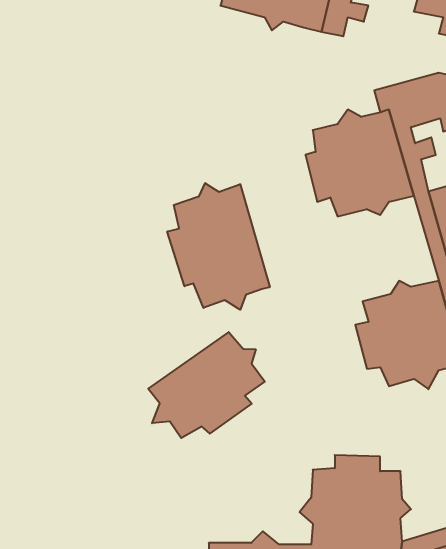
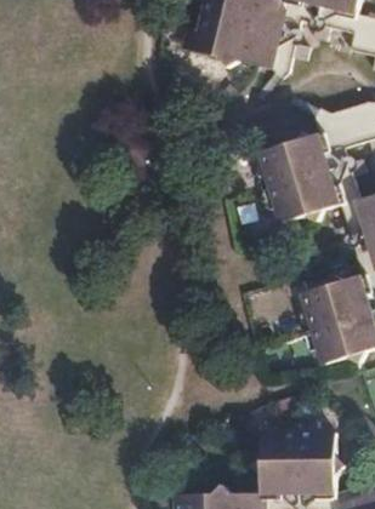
building: [167,183,270,310] -> none
building: [148,332,265,438] -> none

